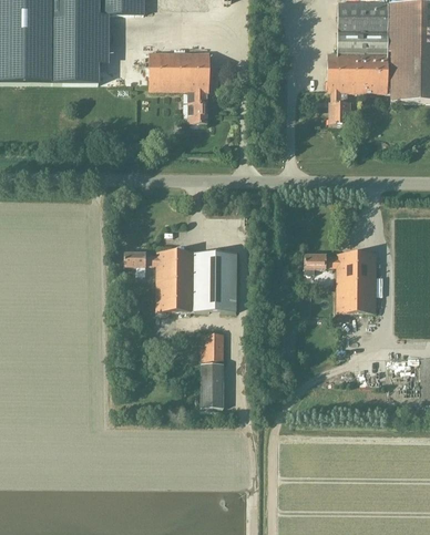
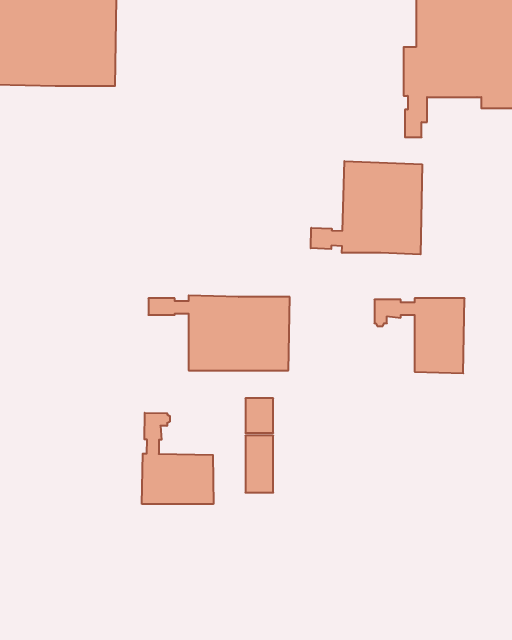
building: [149,50,208,124] -> none
building: none -> [311,161,422,254]
building: none -> [142,413,213,504]

